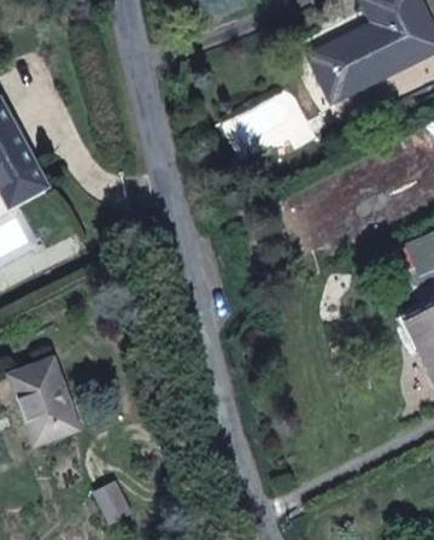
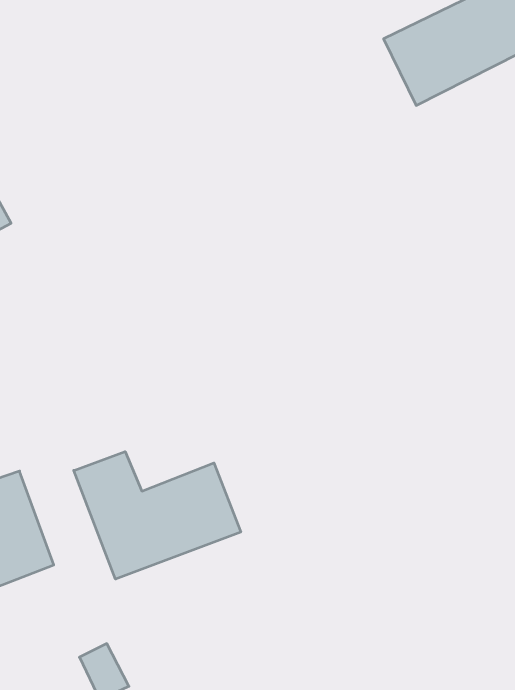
building: none -> [74,452,241,579]

